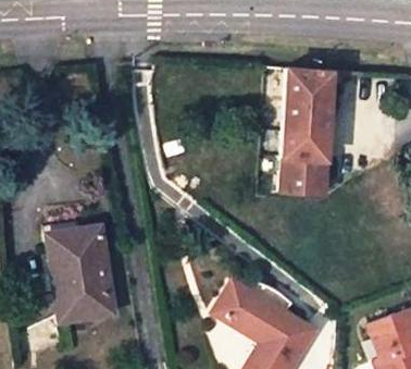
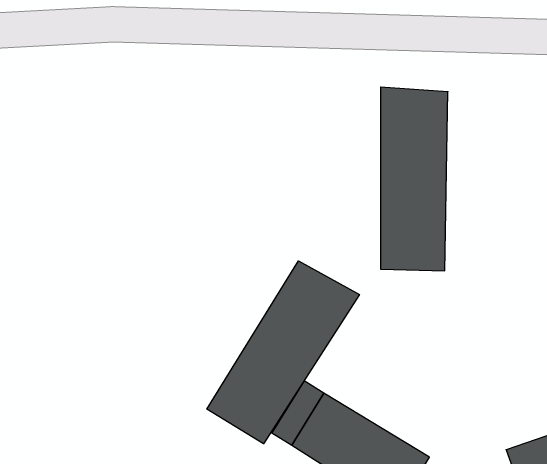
building: none -> [207,261,359,444]
building: [45,222,115,324] -> none

